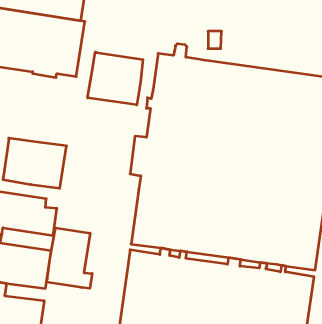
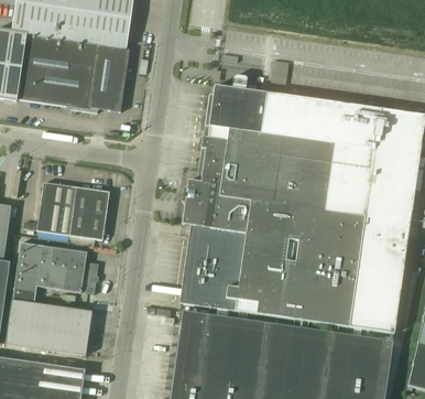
building: [88,52,143,105] -> none
building: [46,228,92,288] -> none

